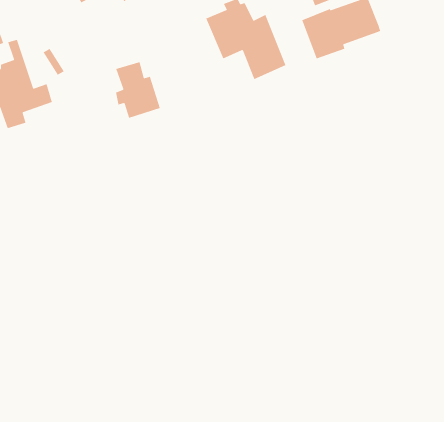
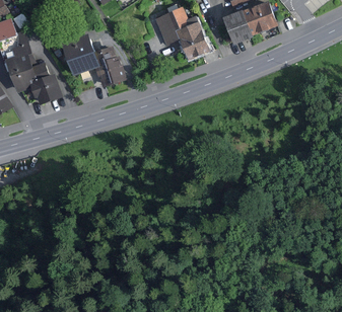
building: none -> [64,33,98,74]
building: none -> [30,73,65,105]

